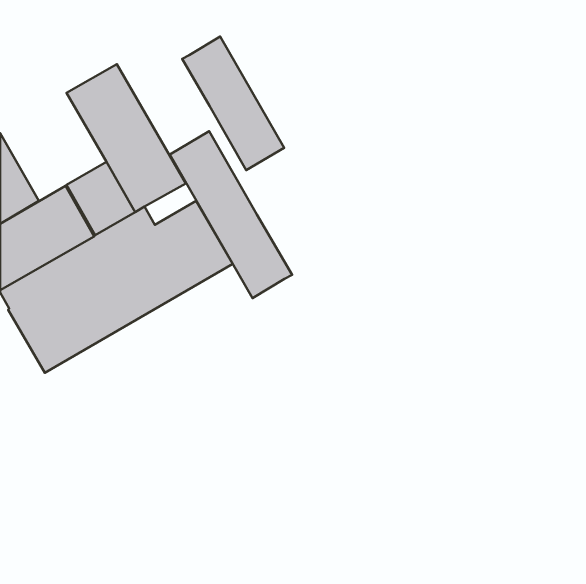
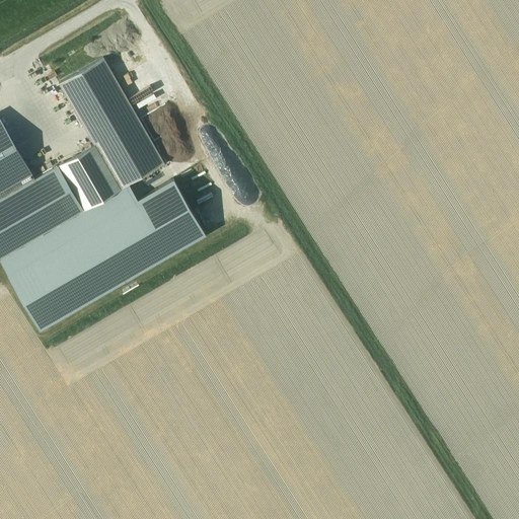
building: [182,36,284,170] -> none
building: [170,131,292,298] -> none

